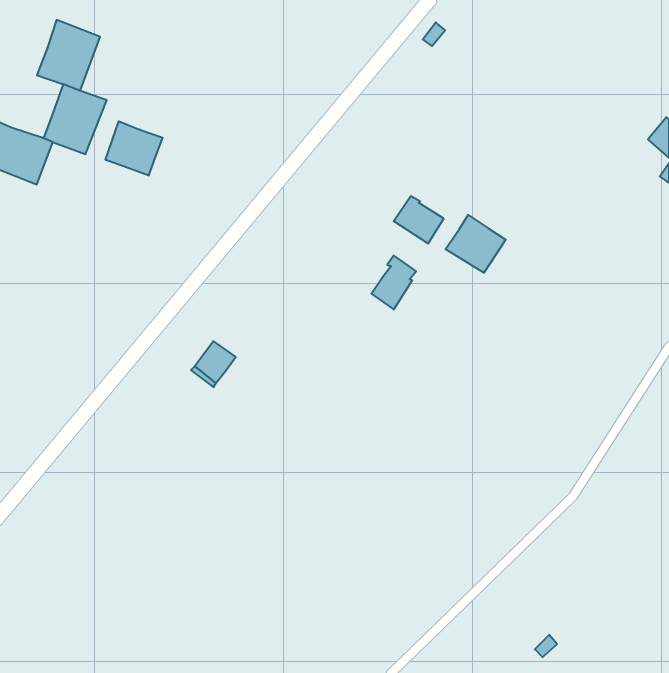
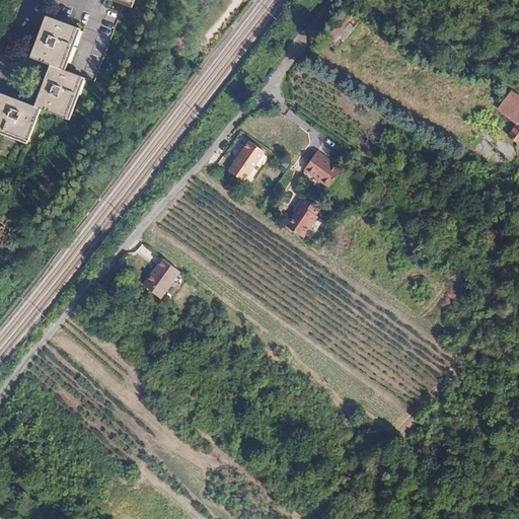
building: [106,121,163,176] -> none
building: none -> [224,139,261,180]
building: [446,215,506,273] -> none

